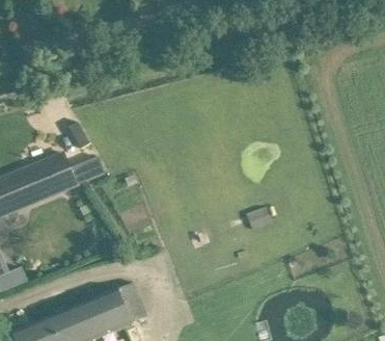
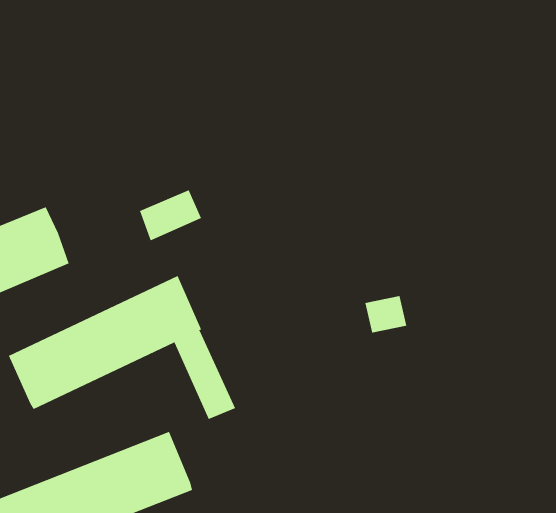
building: [70,155,106,185] -> [139,189,202,241]
building: none -> [8,275,236,420]

